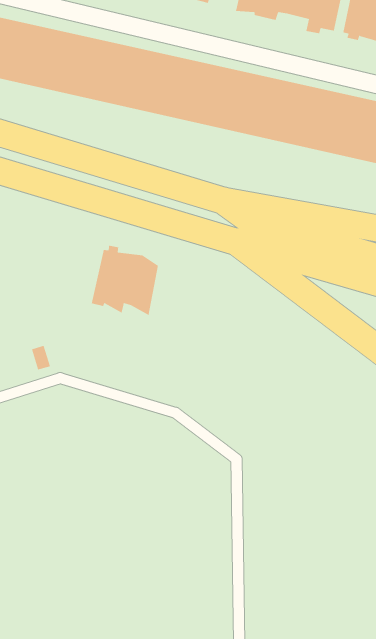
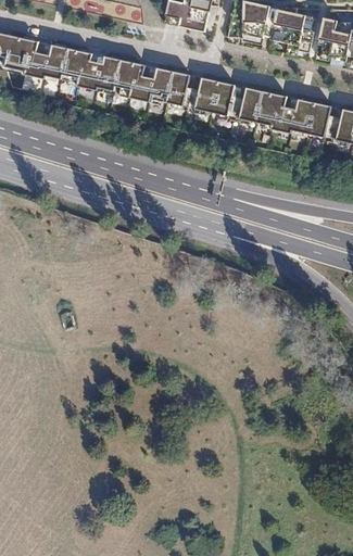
building: [91,245,159,316] -> none

